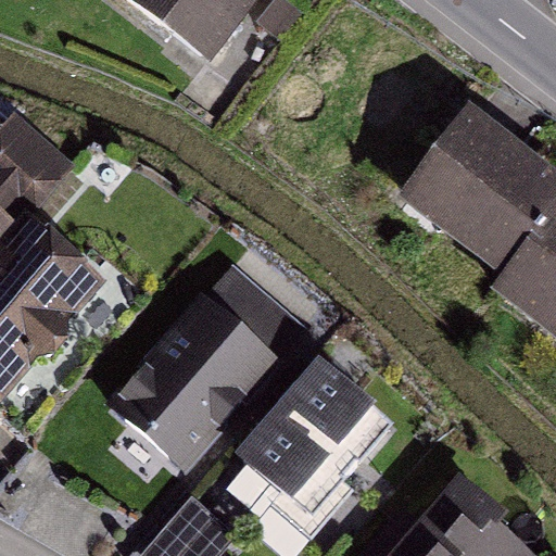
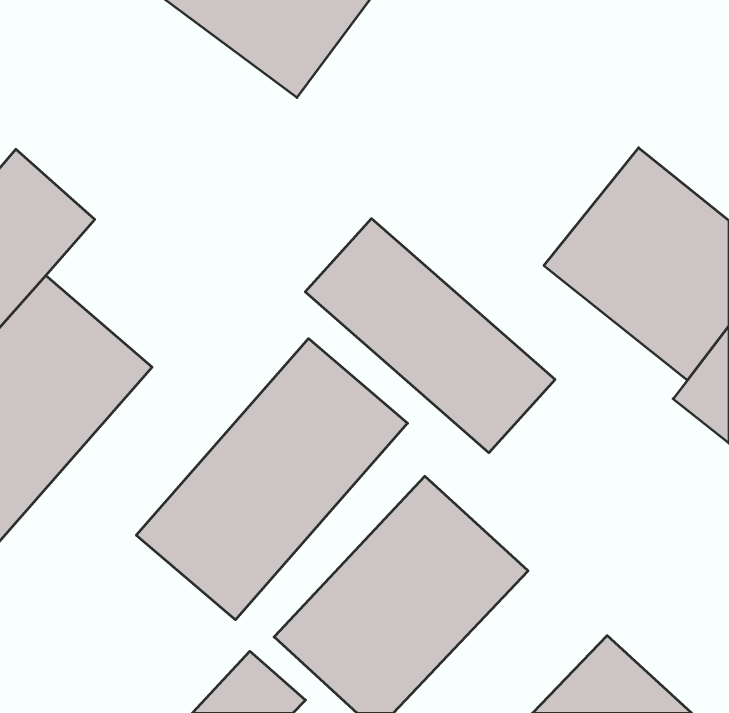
building: none -> [305,219,555,453]

